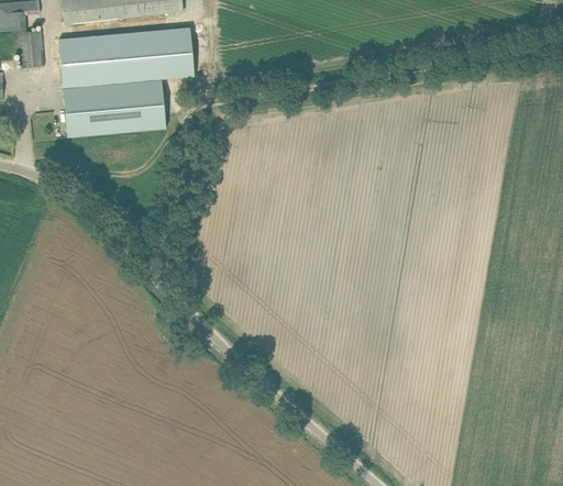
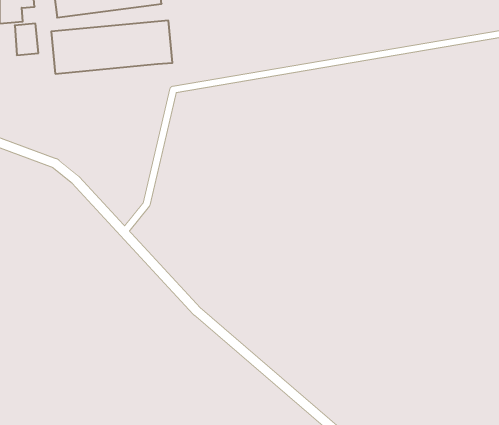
building: [63,78,166,137] -> none

